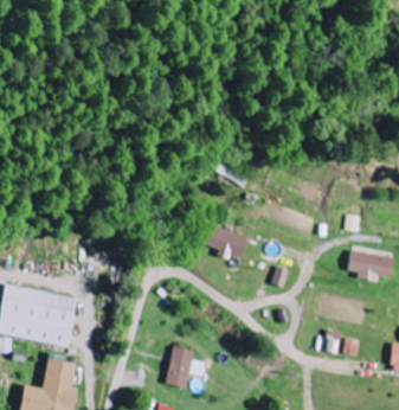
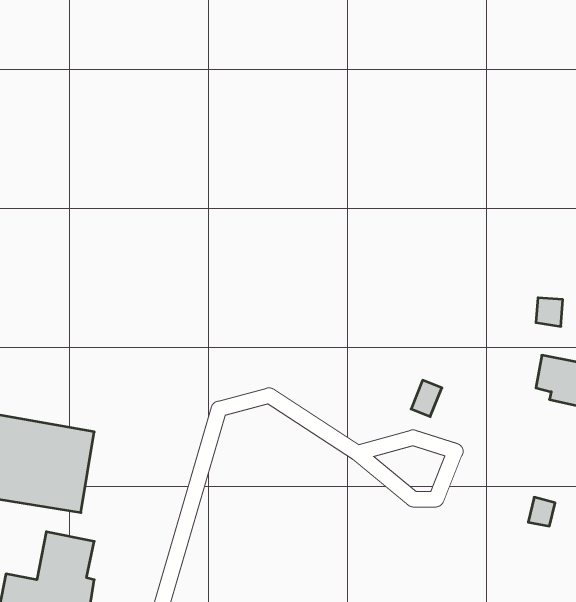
building: [202,223,247,258] -> none
building: [166,346,205,386] -> none

